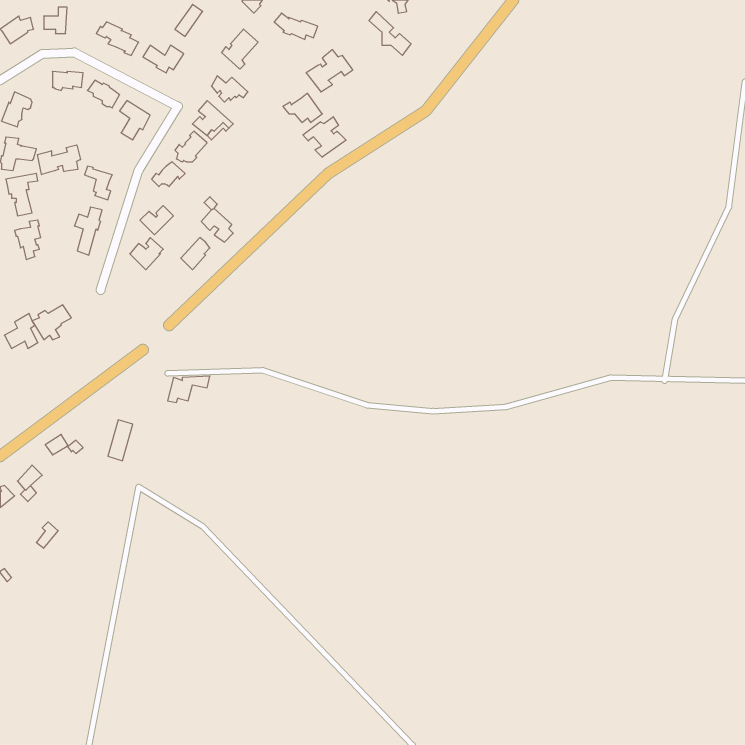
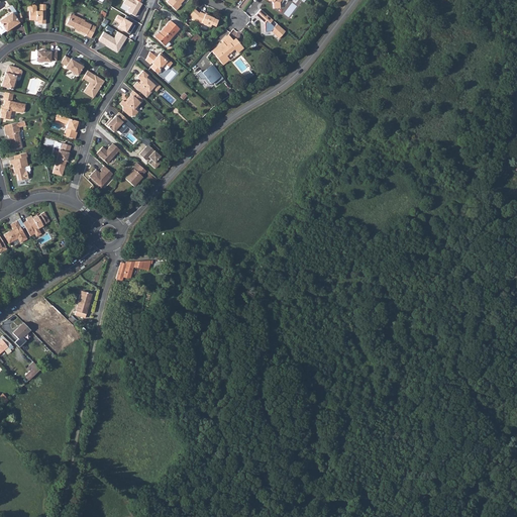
building: [303,117,346,157] -> none
building: [38,145,81,175] -> none

